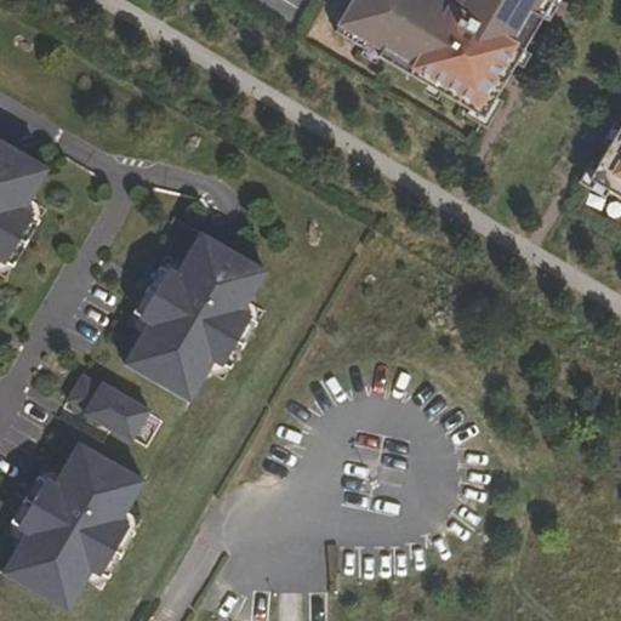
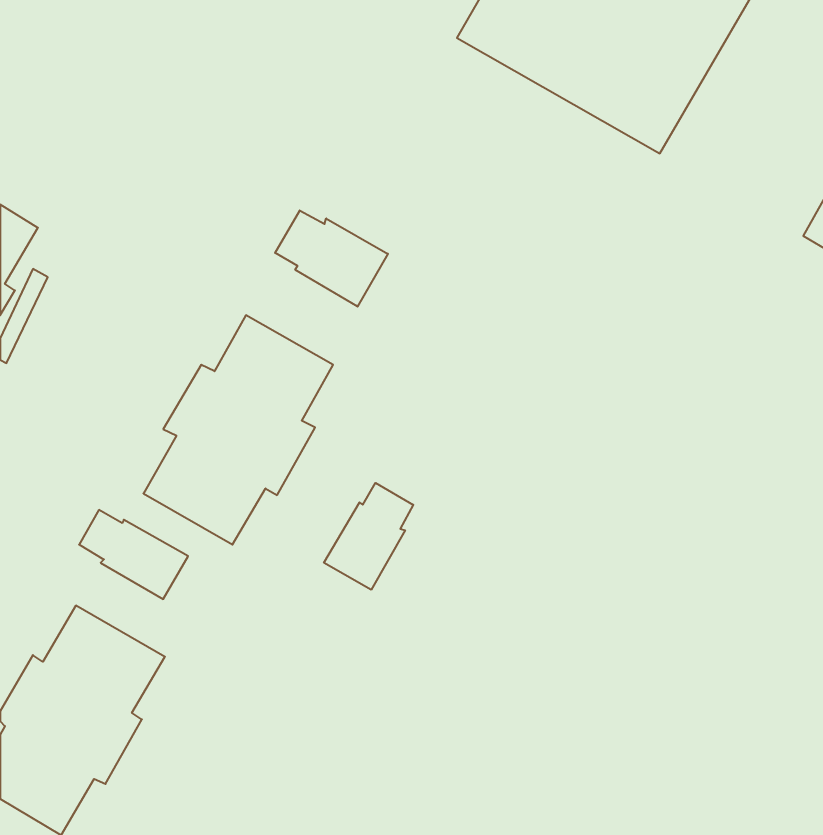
building: none -> [275,210,388,307]
building: none -> [324,483,413,590]

